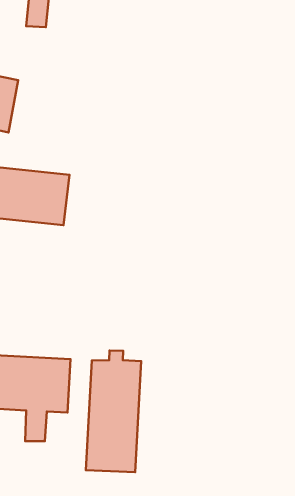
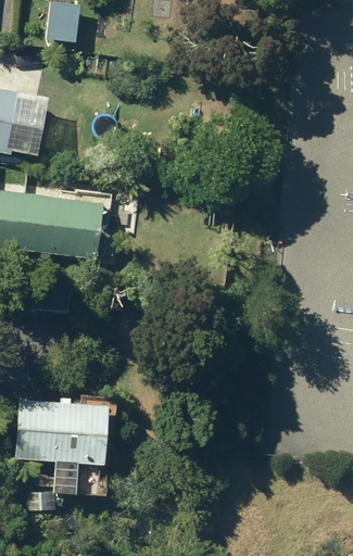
building: [86,351,141,472] -> none

